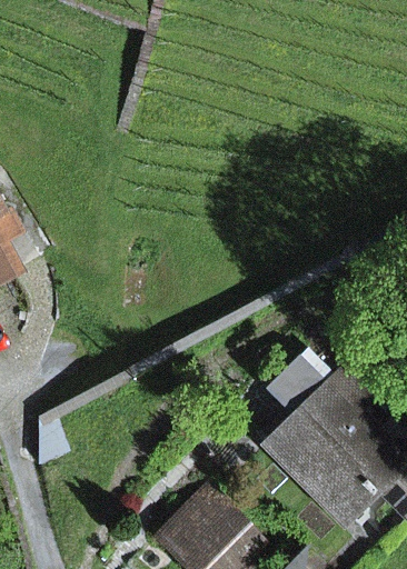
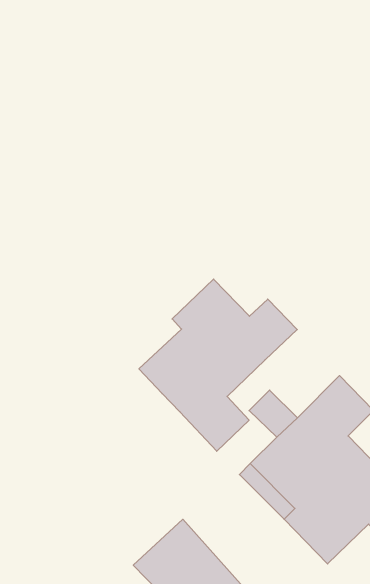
building: none -> [139,279,297,451]

